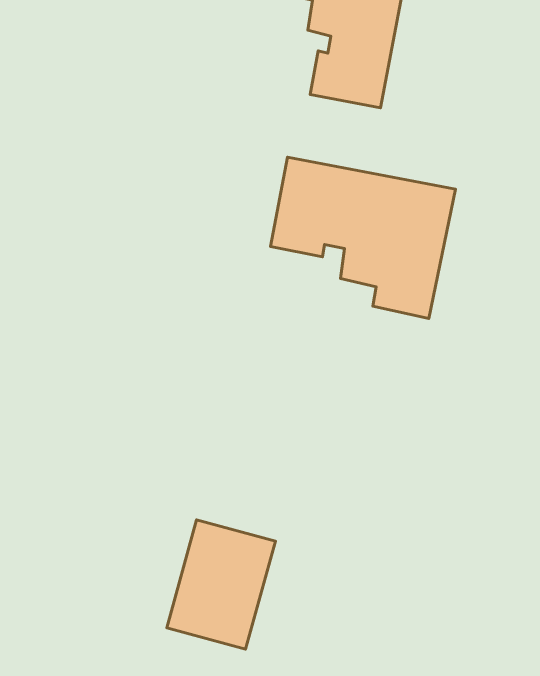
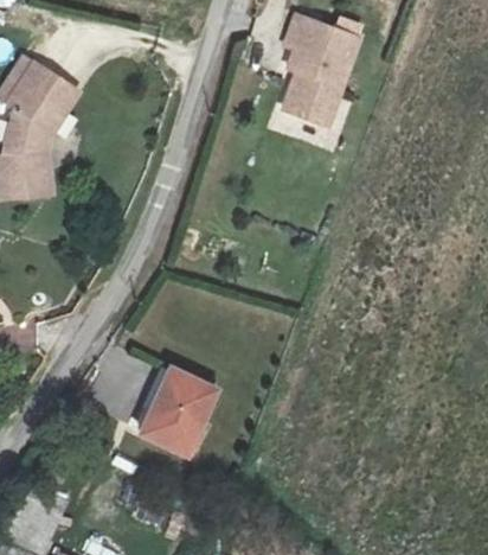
building: [270,157,456,319] -> none

